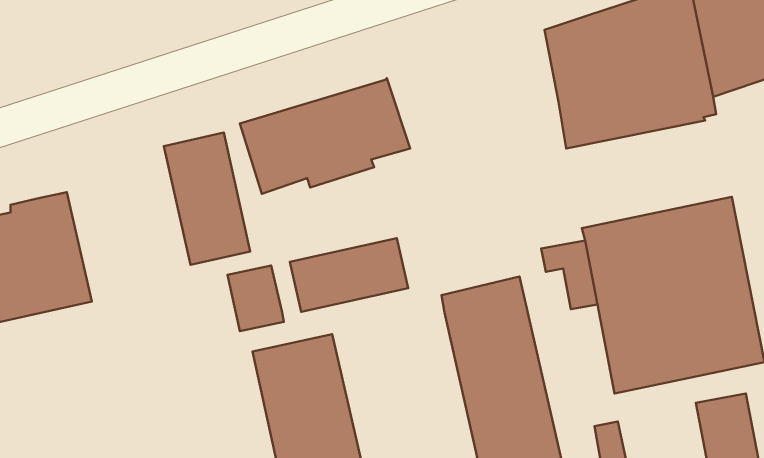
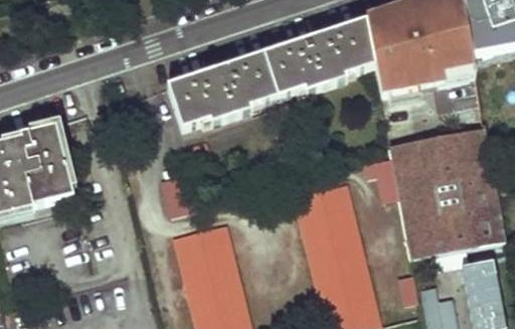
building: none -> [261,20,371,97]
building: [164,132,250,265] -> none
building: [290,238,408,312] -> none

